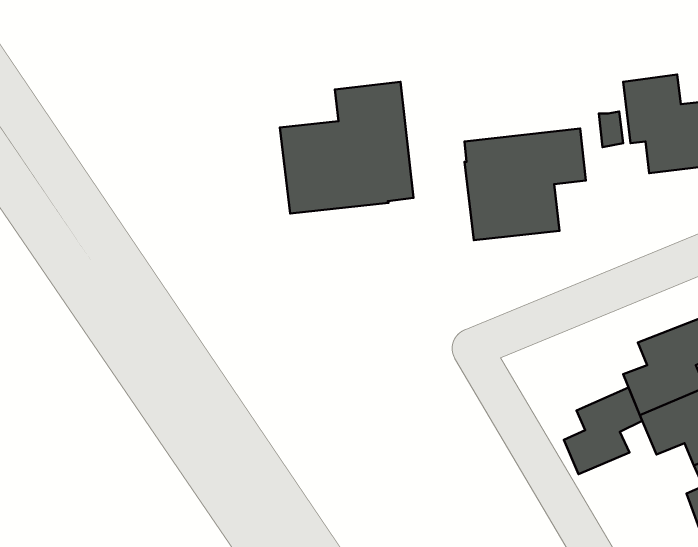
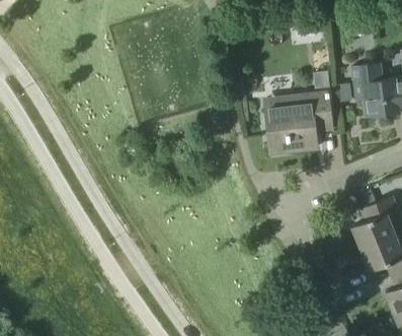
building: [280,82,413,214] -> none
building: [564,388,642,474] -> none

